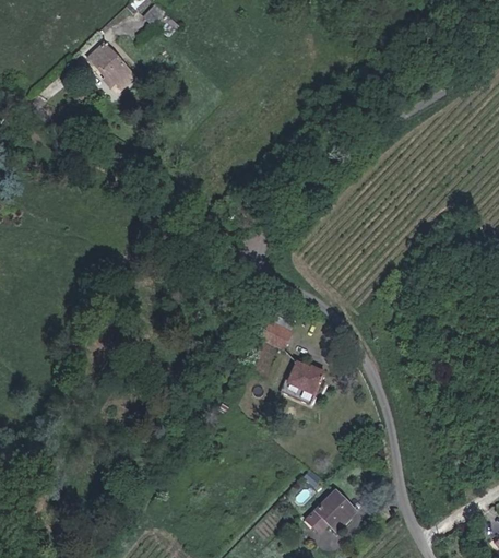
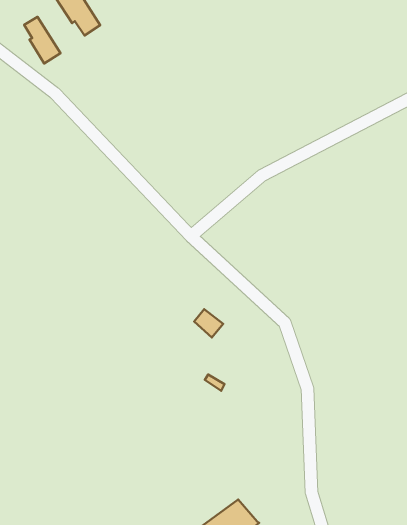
building: none -> [24,17,60,63]
building: [289,359,324,392] -> none

